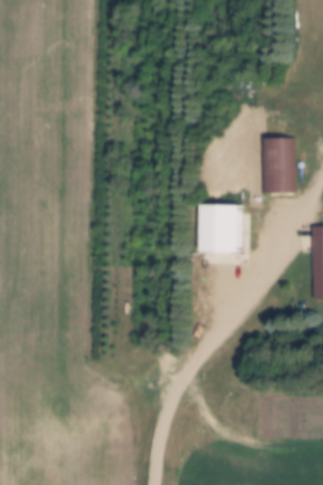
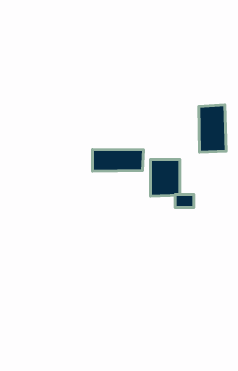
building: none -> [93,150,144,171]

